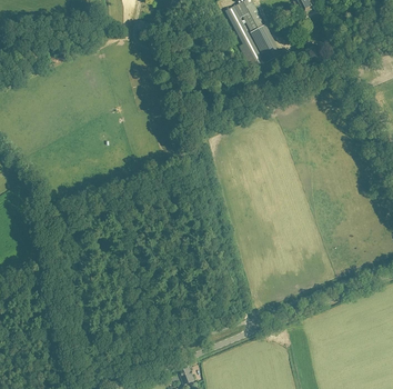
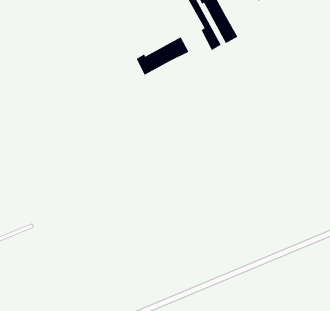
building: none -> [136,37,189,76]

